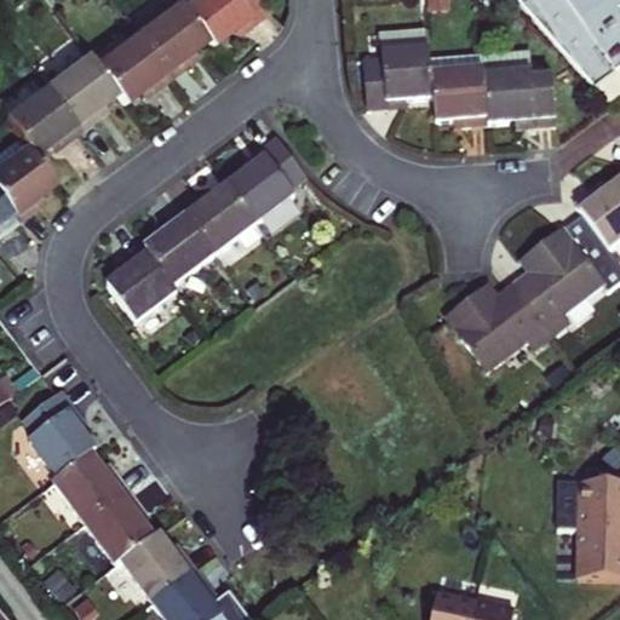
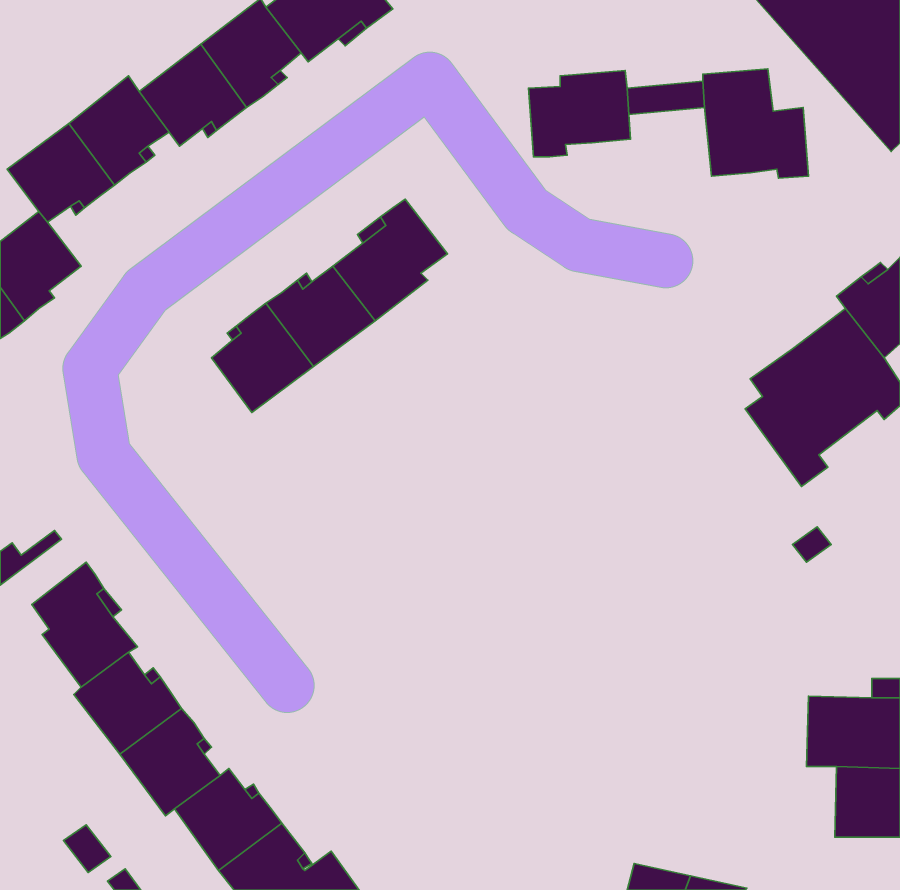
building: [432,74,489,124] -> none
building: [108,246,178,320] -> none
building: [446,281,551,368] -> none

